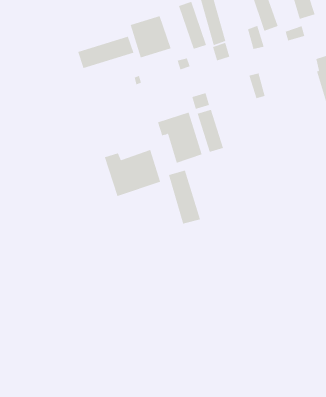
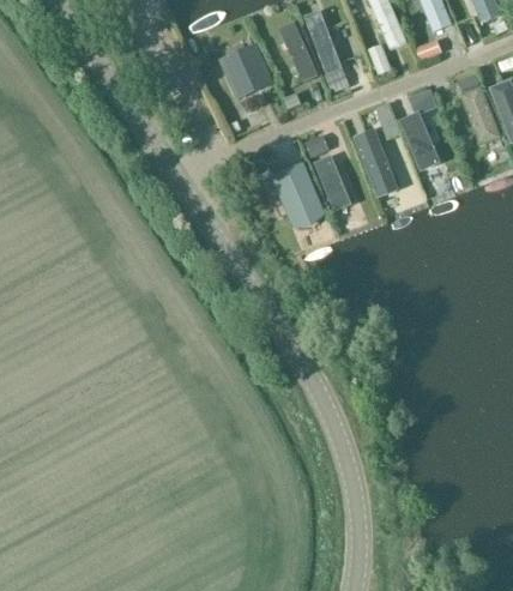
building: [77,36,134,69] -> none
building: none -> [398,88,441,171]
building: [104,149,161,197] -> none
building: [168,170,201,224] -> [352,127,399,197]

